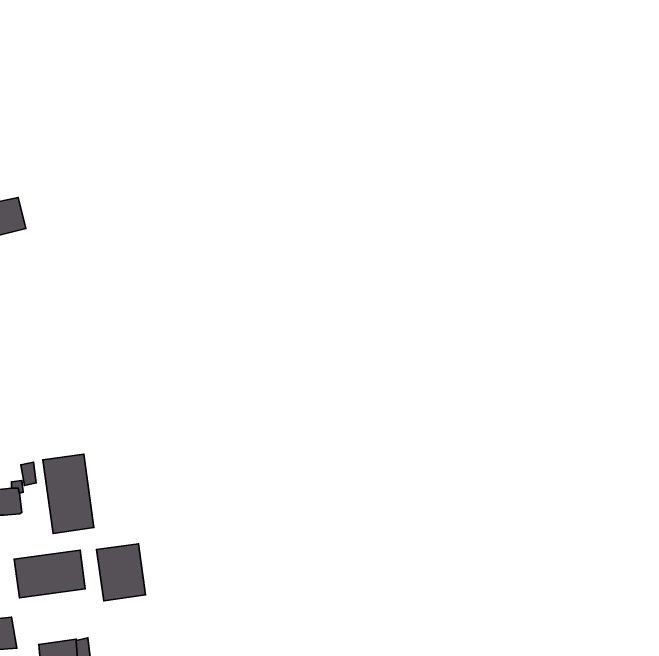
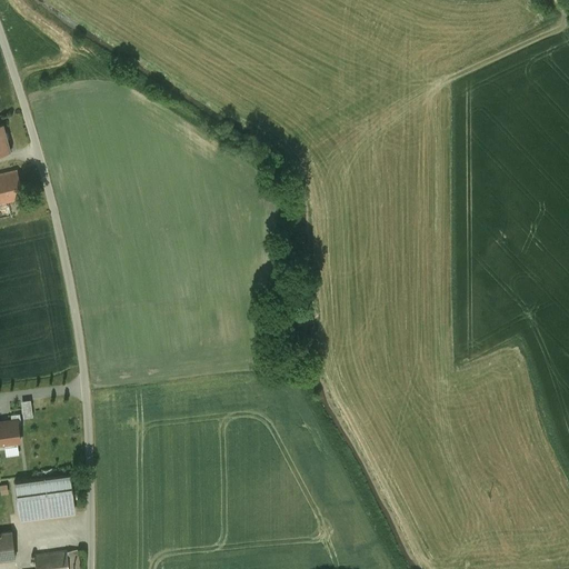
building: [43,454,94,533] -> none
building: [97,544,146,601] -> none

